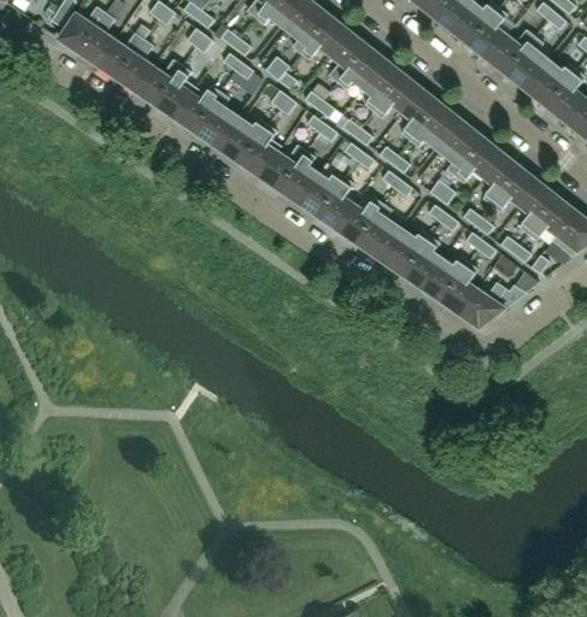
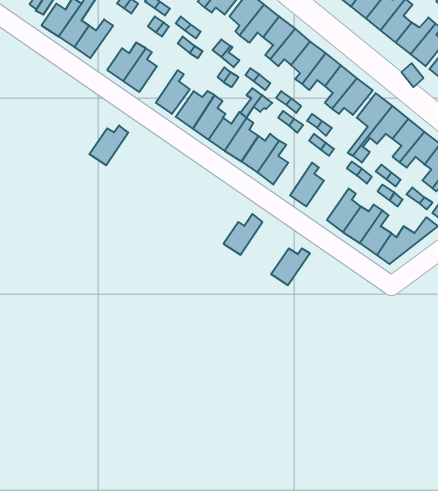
building: [117,40,155,94] -> none
building: [176,86,223,134] -> [89,125,128,165]
building: [339,196,386,246] -> [224,214,262,255]
building: [383,231,430,276] -> [271,248,310,285]

